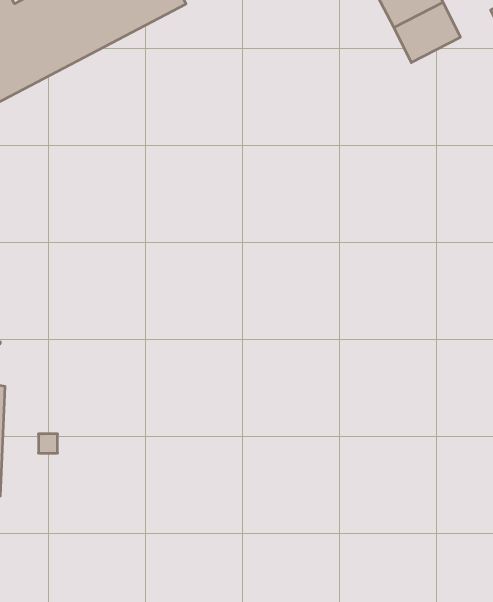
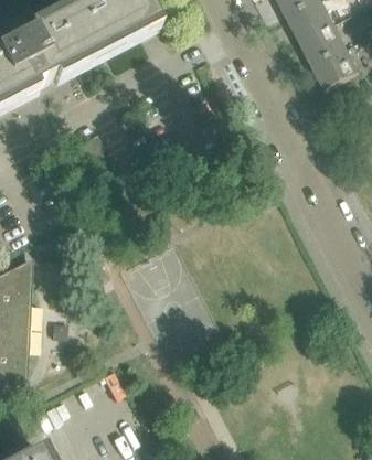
building: none -> [312,50,360,92]

